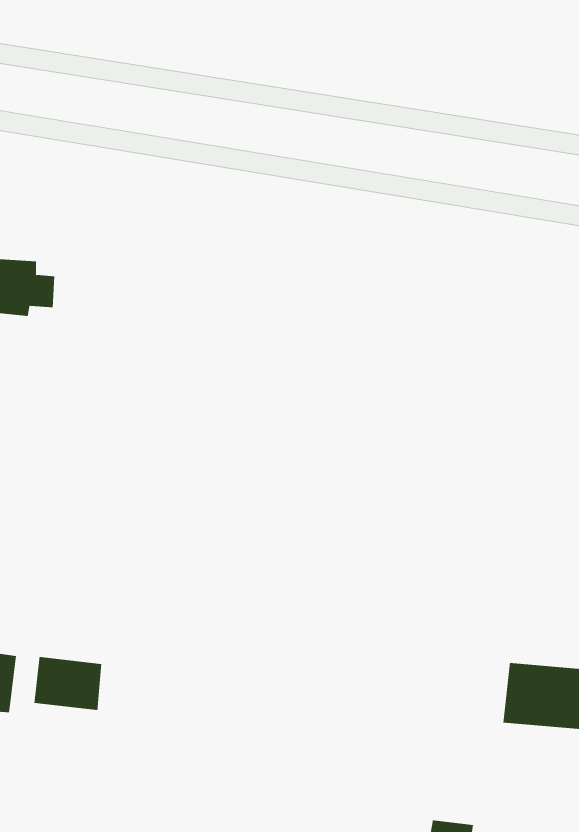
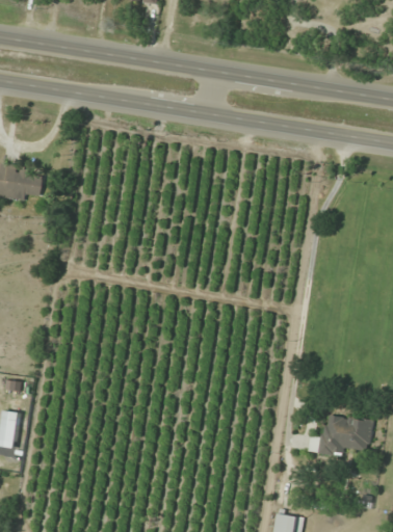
building: [34,656,102,711] -> none

